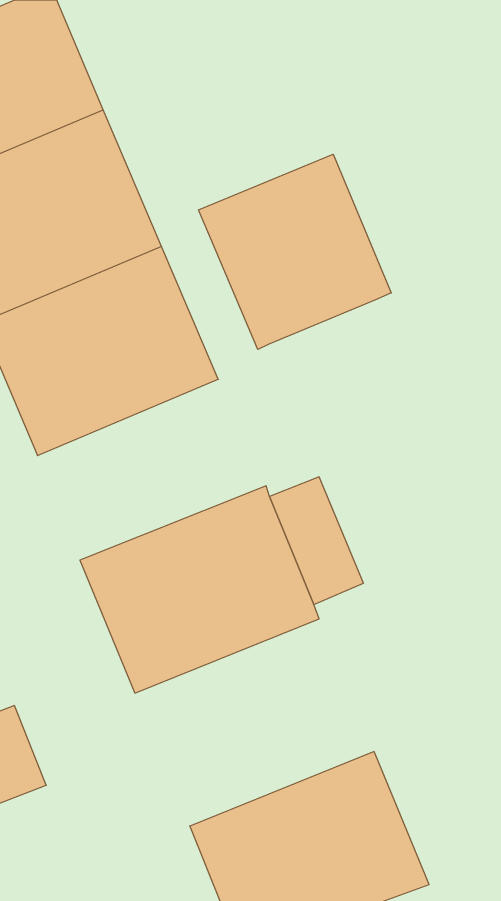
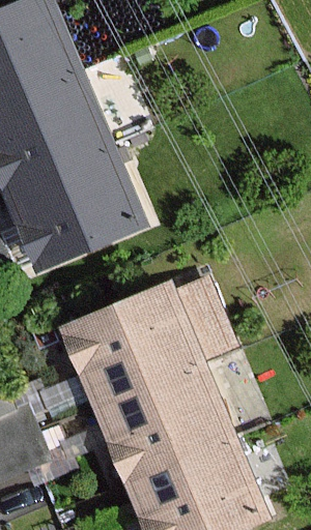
building: [199,154,391,349] -> none
building: none -> [95,361,235,482]

